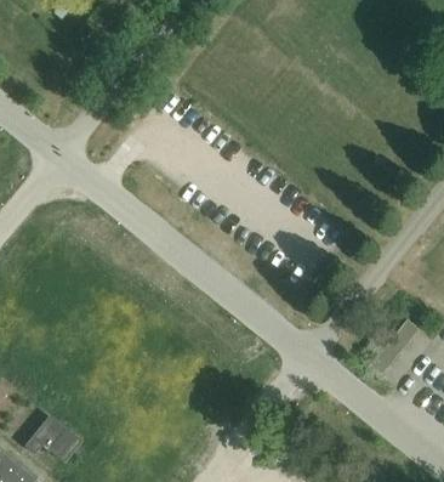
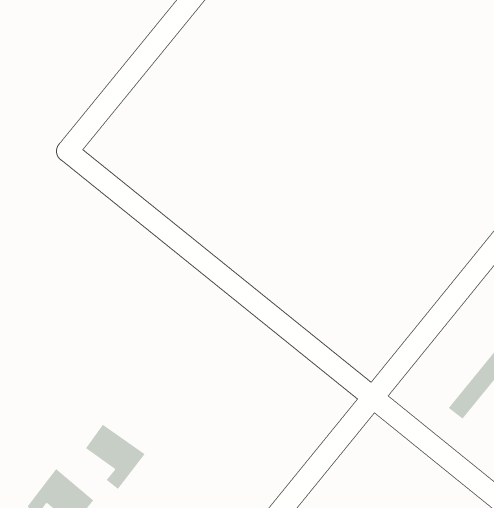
building: none -> [85,424,145,490]

